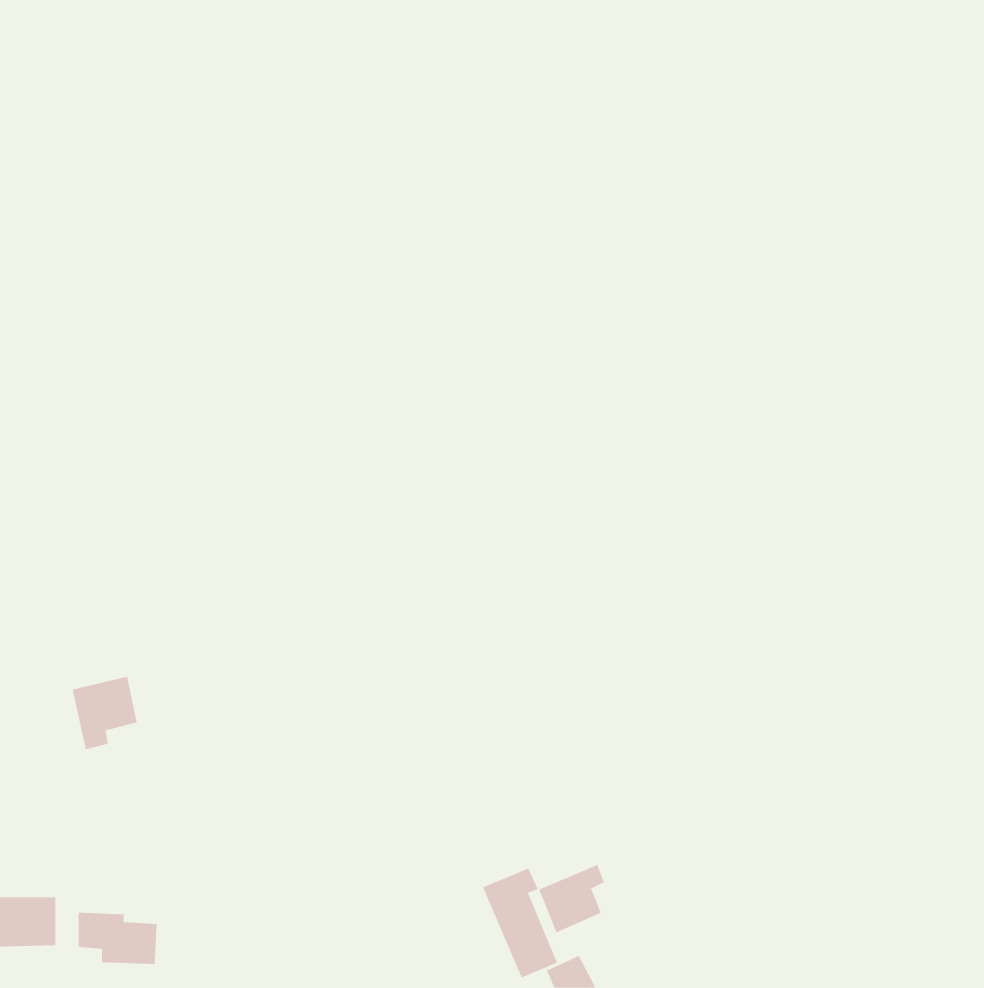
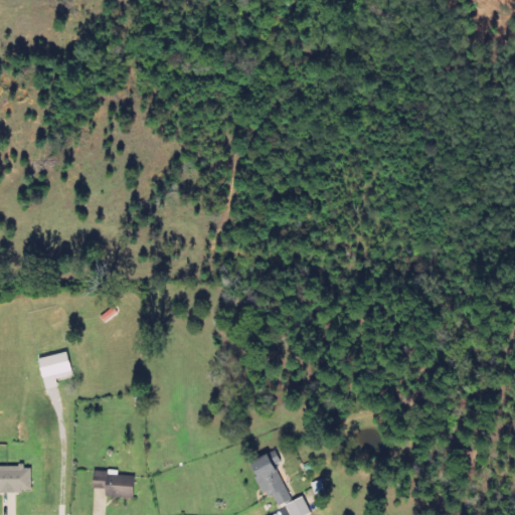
building: [538,864,605,933] -> none
building: [78,912,157,965] -> [92,470,133,497]

